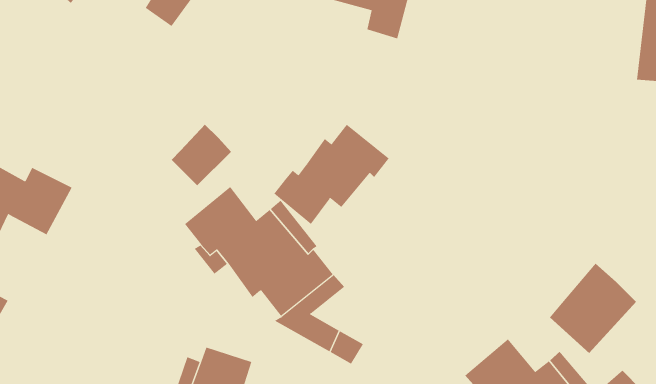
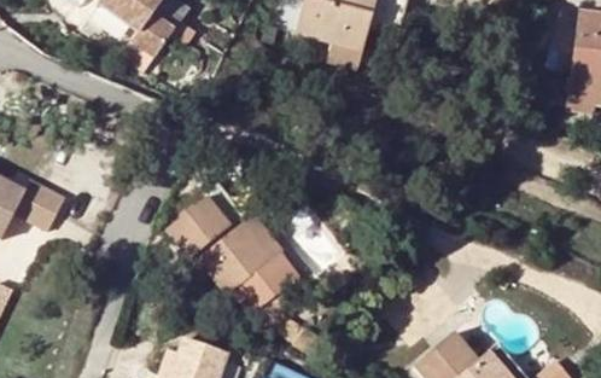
building: [171,124,232,186] -> none
building: [274,124,389,225] -> none
building: [549,263,637,354] -> none

